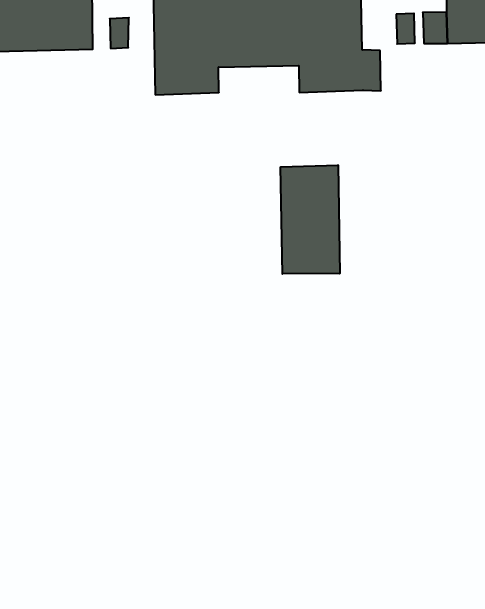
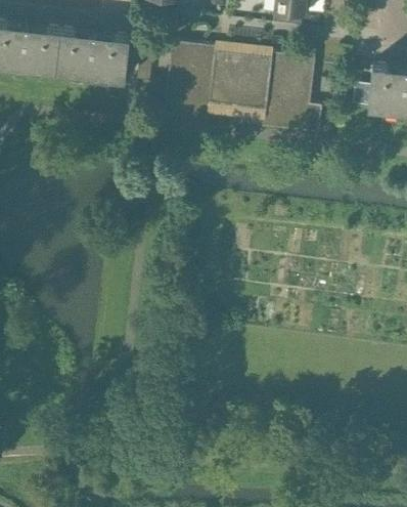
building: [281,165,340,274] -> none

